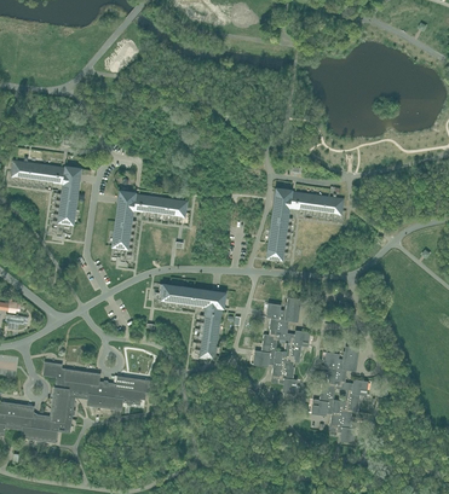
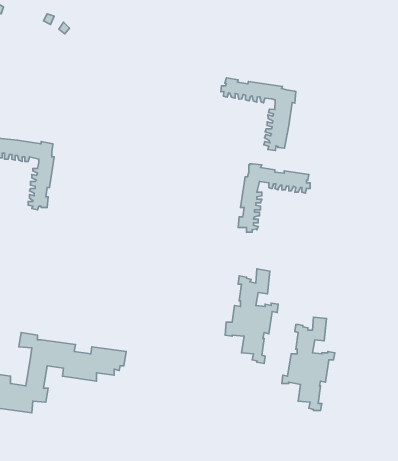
building: none -> [221,78,296,151]
building: [111,191,185,261] -> none
building: [154,284,225,359] -> none

